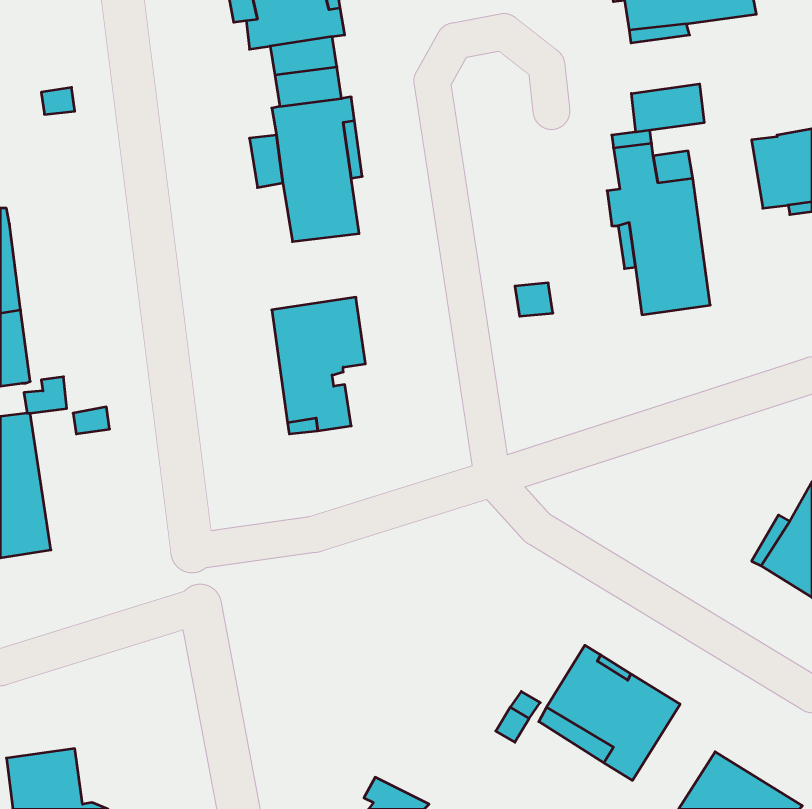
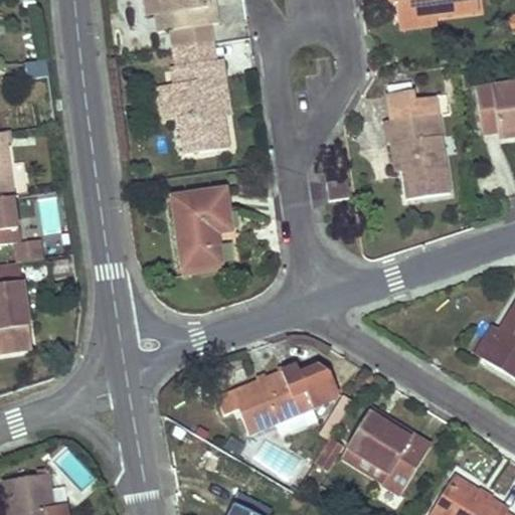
building: [631,84,704,132] -> none
building: none -> [217,365,338,434]

